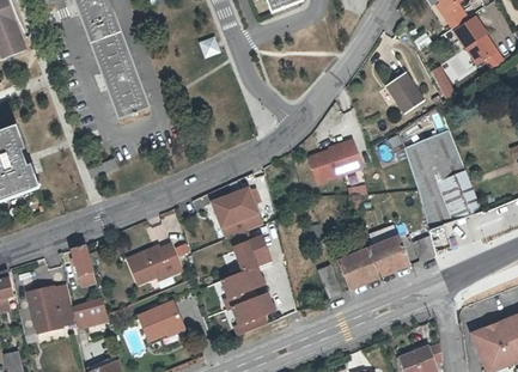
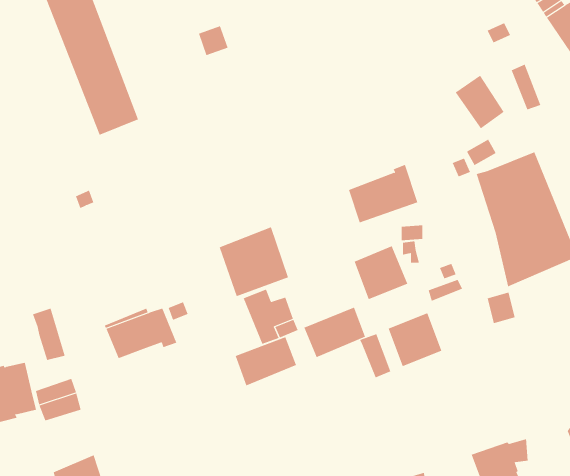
building: [367,237,408,278] -> [354,246,408,300]
building: [231,291,278,329] -> [303,307,366,358]
building: [135,301,181,342] -> none

